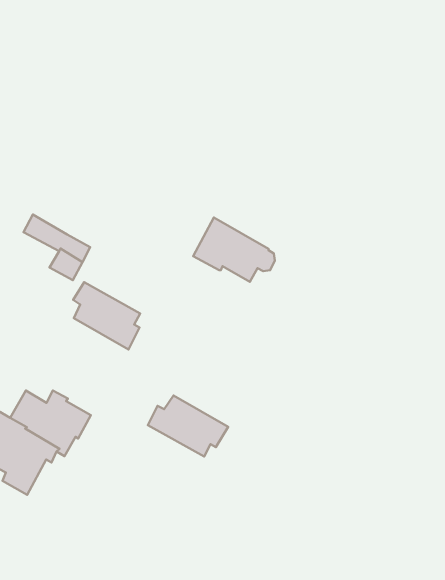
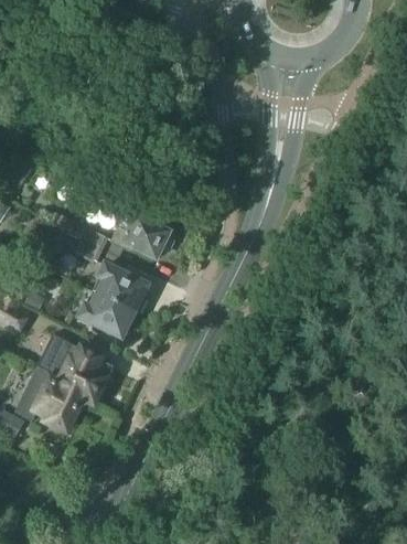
building: [193,218,275,282] -> [111,210,175,258]
building: [148,395,228,456] -> [77,291,140,338]

